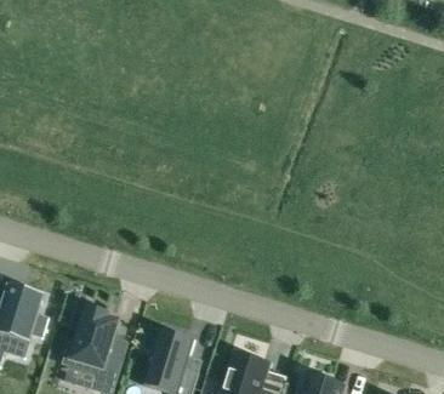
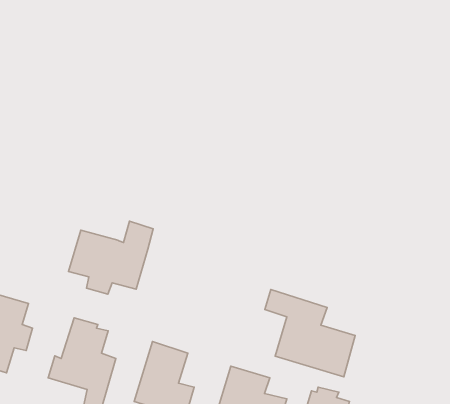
building: none -> [69,221,153,294]
building: none -> [265,290,355,377]

